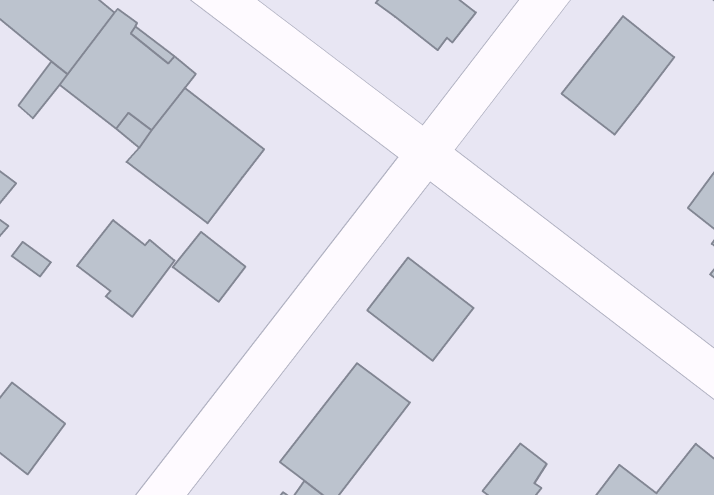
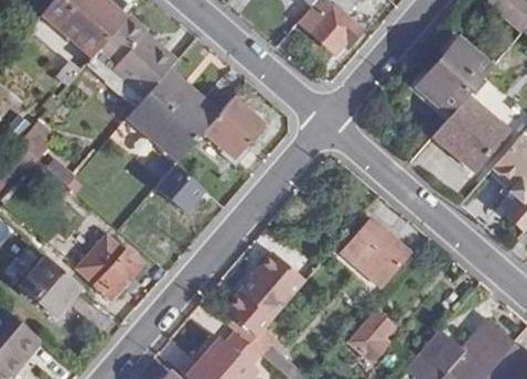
building: none -> [431,97,505,170]
building: none -> [204,96,265,156]
building: [77,220,175,317] -> [79,235,143,299]
building: [367,258,474,361] -> [341,221,410,290]

